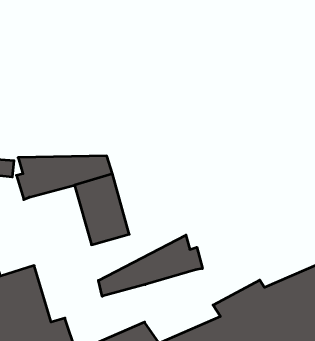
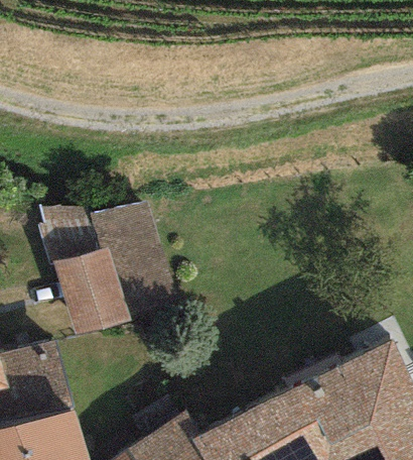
building: none -> [40,242,118,333]
building: [98,235,202,296] -> none

